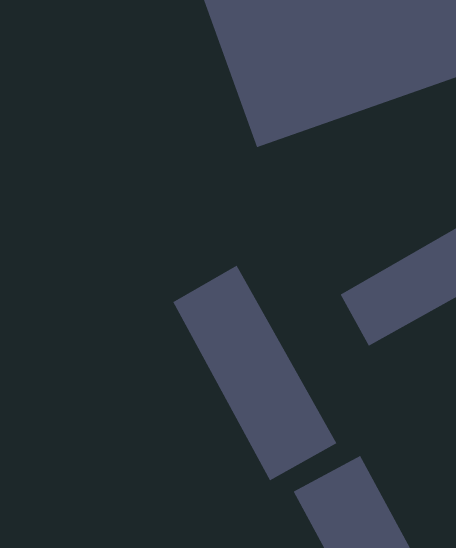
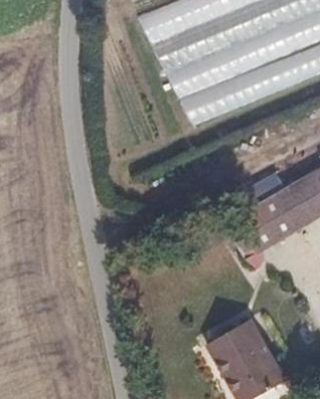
building: [173,265,337,481] -> none

